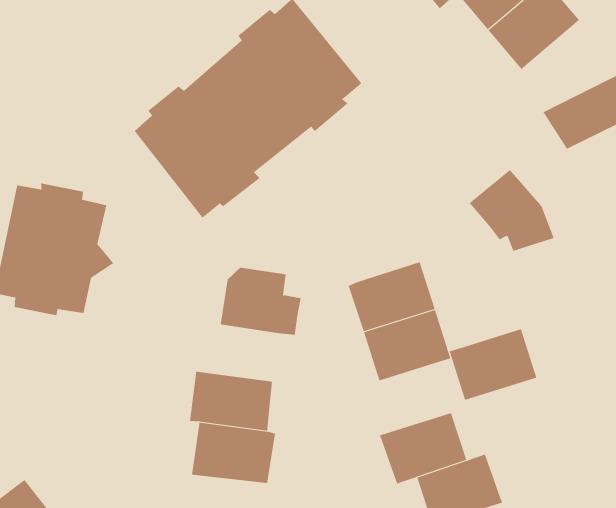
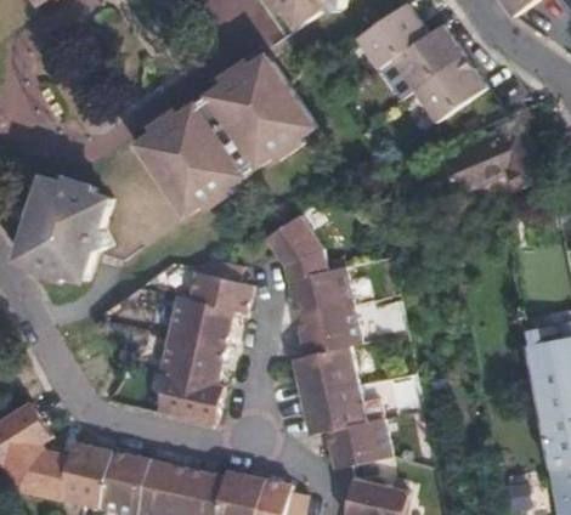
building: [469,169,555,252] -> [265,211,328,275]
building: none -> [165,295,231,345]
building: [449,328,537,400] -> [293,343,358,394]

